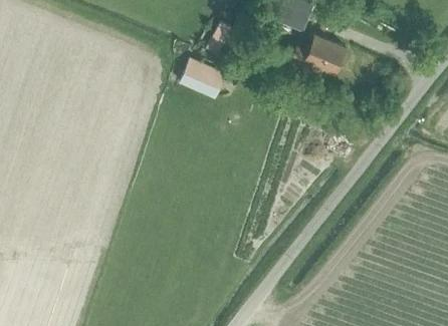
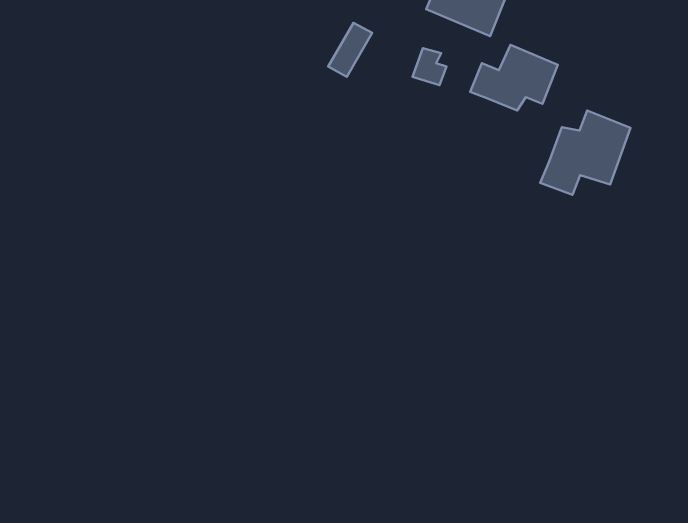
building: [179,58,225,99] -> none
building: none -> [540,111,631,195]

